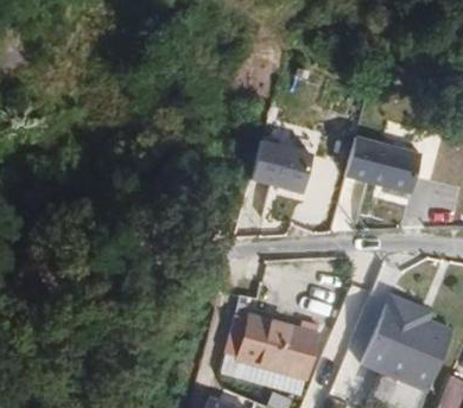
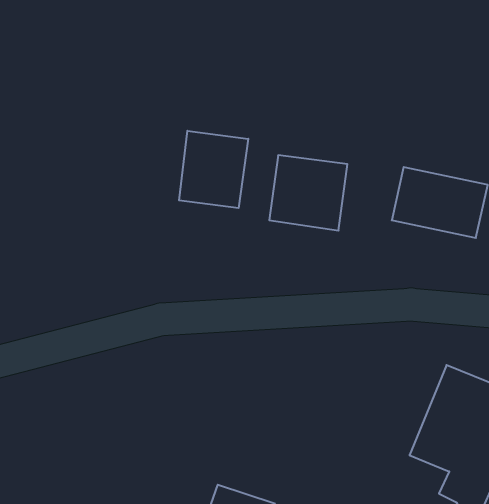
building: none -> [179,131,248,208]
building: [237,318,319,384] -> none

